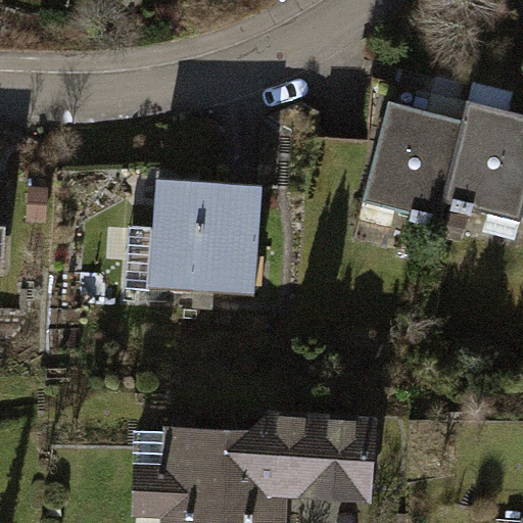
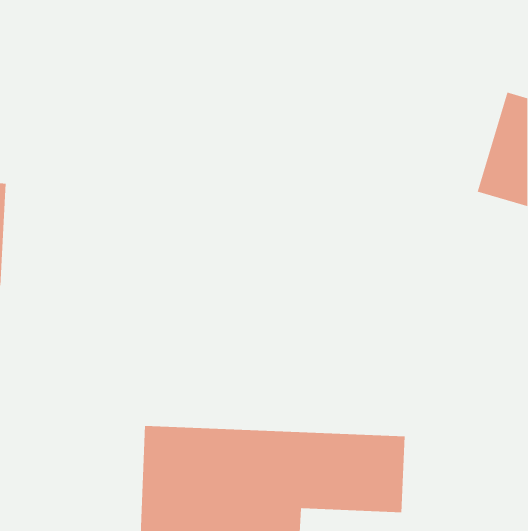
building: [381,103,479,223] -> none
building: [155,193,260,289] -> none

